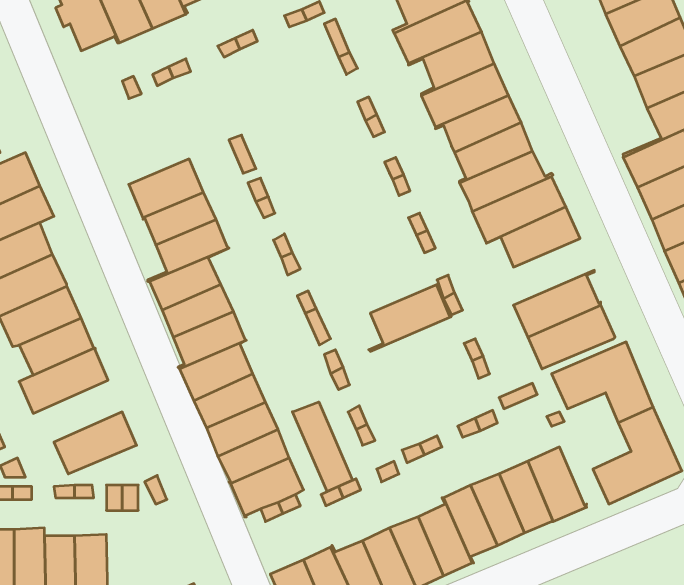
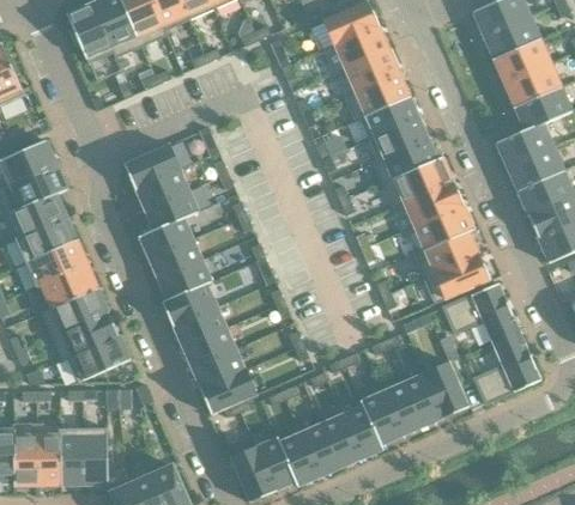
building: [369,285,451,351] -> [412,203,474,254]
building: none -> [52,310,119,359]
building: [292,402,353,492] -> none

